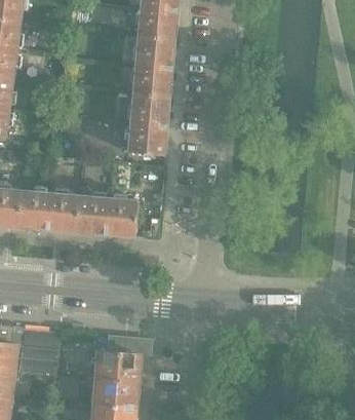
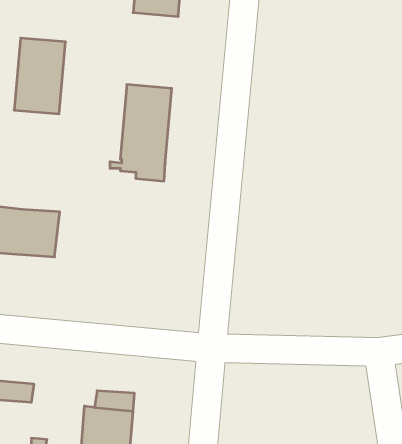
building: [132,37,173,98] -> [14,38,66,114]
building: [75,196,137,237] -> none

